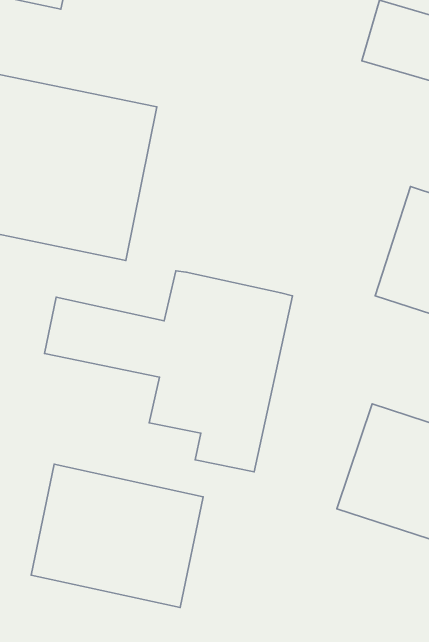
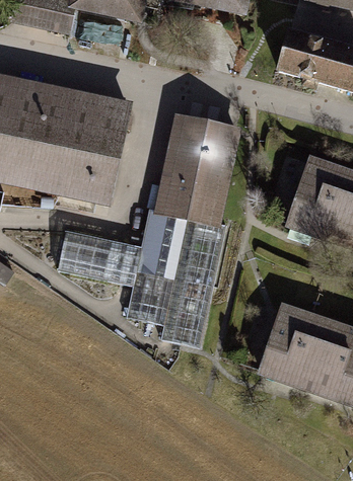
building: none -> [152,115,237,227]
building: [31,464,203,608] -> none

